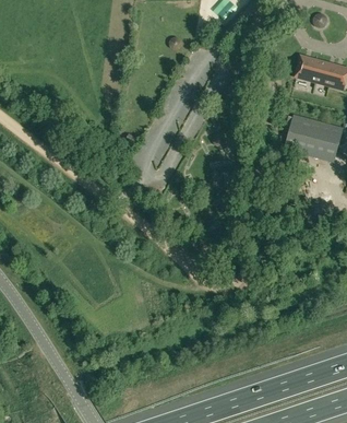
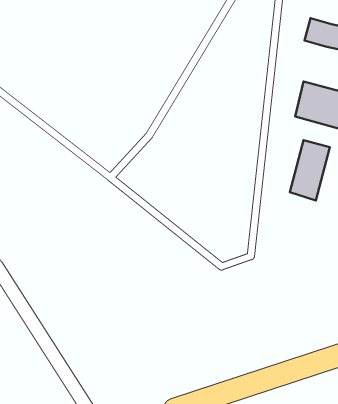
building: none -> [290,140,330,200]

